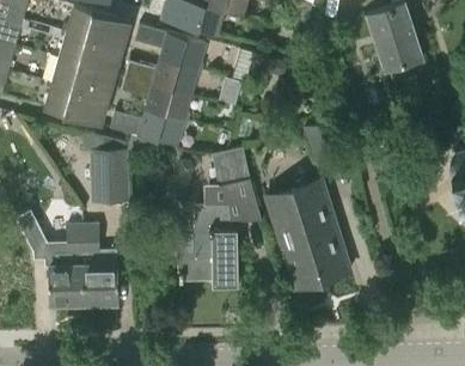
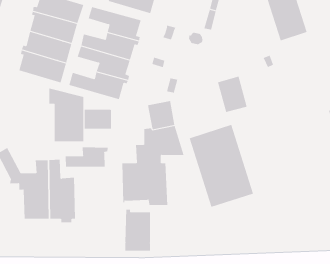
building: none -> [84,109,112,129]
building: none -> [65,147,108,168]
building: none -> [125,209,150,251]

